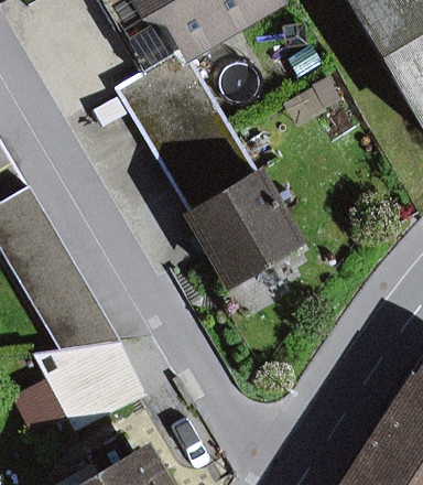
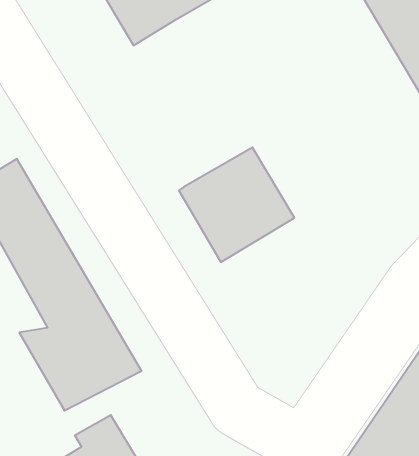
building: [119,51,259,214] -> none

